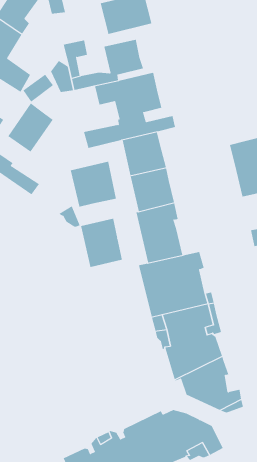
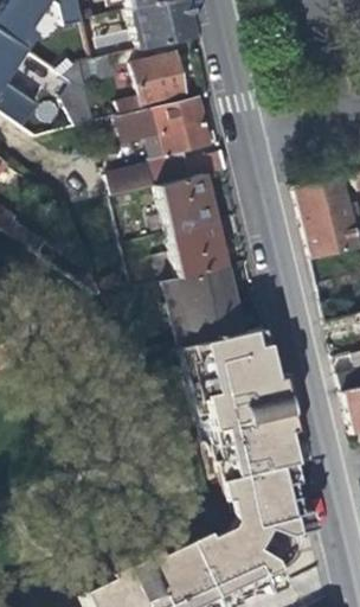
building: [8,102,53,152] -> none
building: [70,161,117,207] -> none
building: [80,218,122,268] -> none

